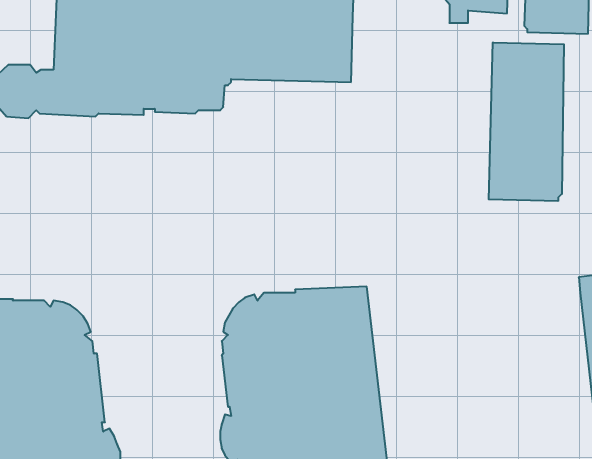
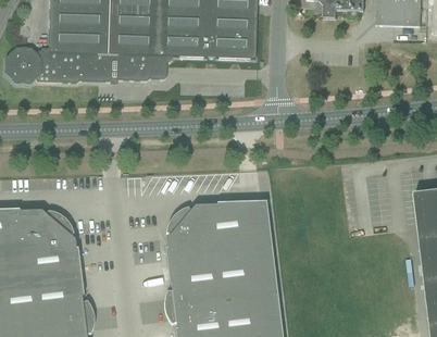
building: [489,42,564,201] -> none

